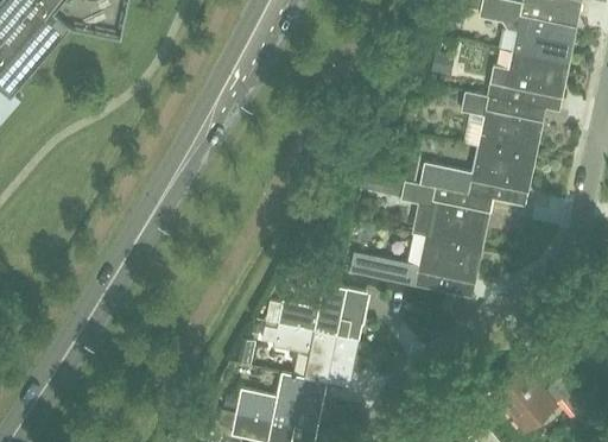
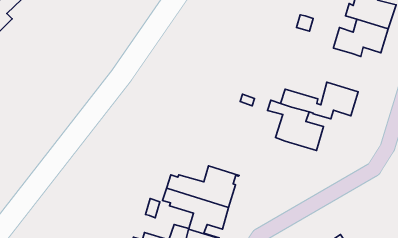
building: [458,93,537,158] -> none
building: [354,239,476,292] -> none

